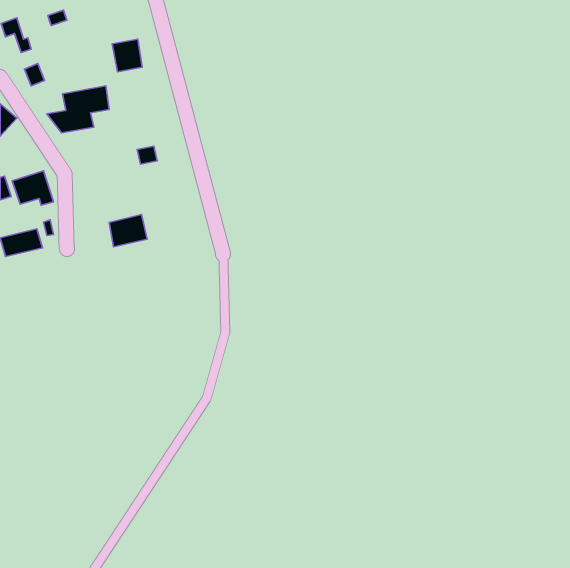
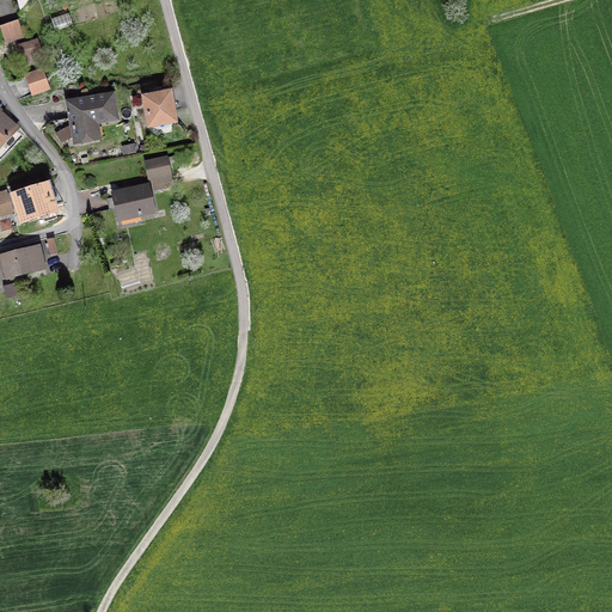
building: [112,39,142,72] -> [143,90,176,124]
building: [109,215,147,247] -> [114,183,154,218]

